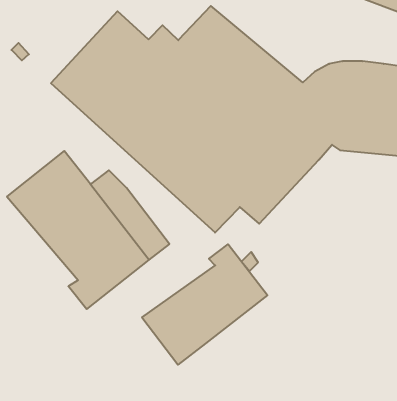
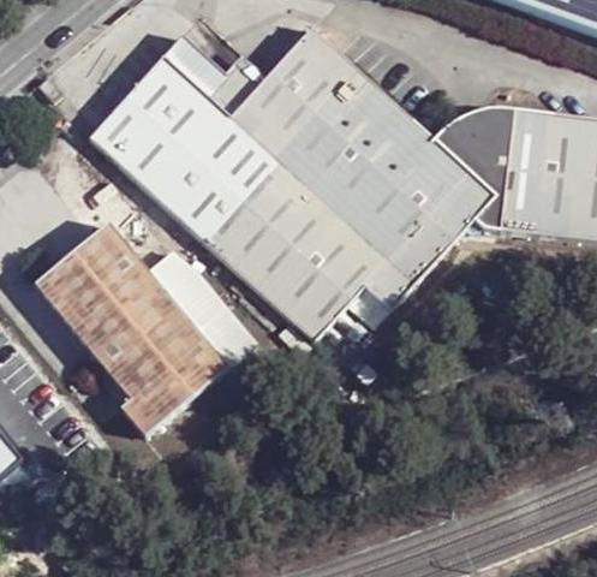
building: [142,244,267,365] -> none

